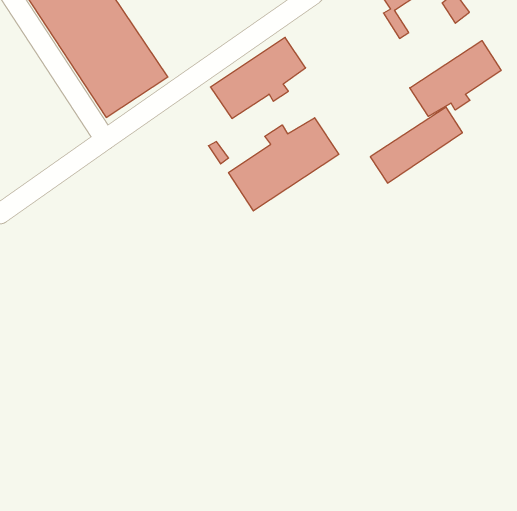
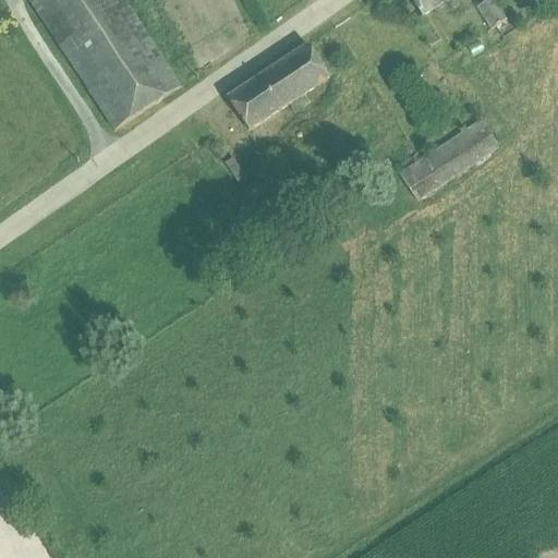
building: [410,41,501,116] -> none
building: [229,118,339,211] -> none

